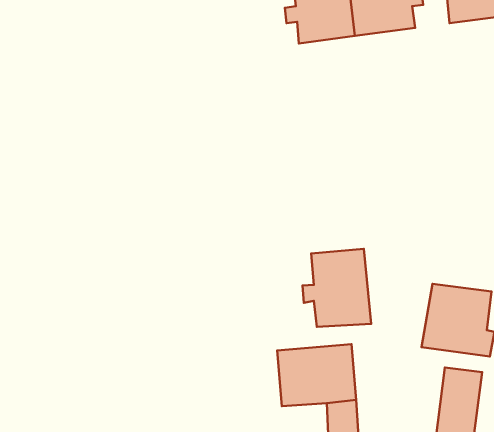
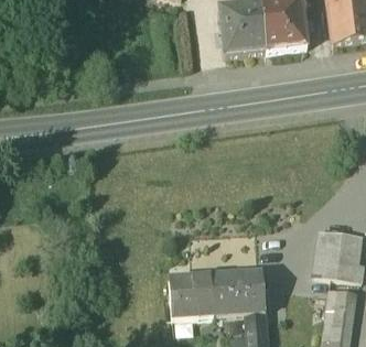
building: [302,249,371,327] -> none
building: none -> [168,273,213,317]

